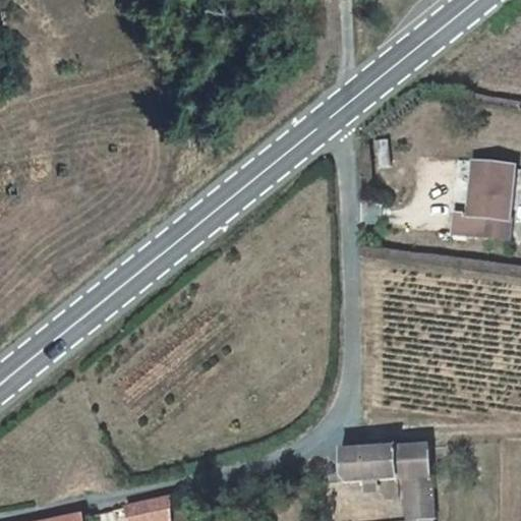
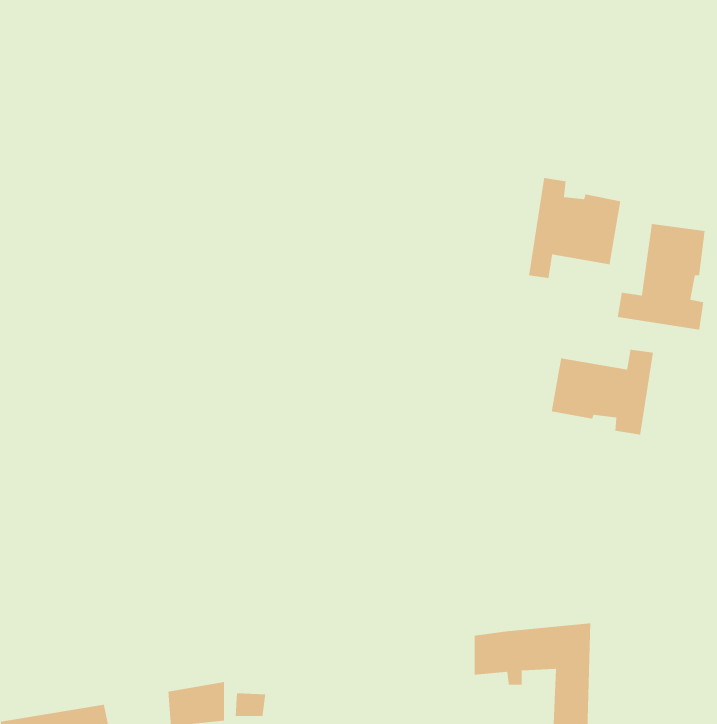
building: none -> [528,177,621,279]
building: none -> [551,349,654,436]

